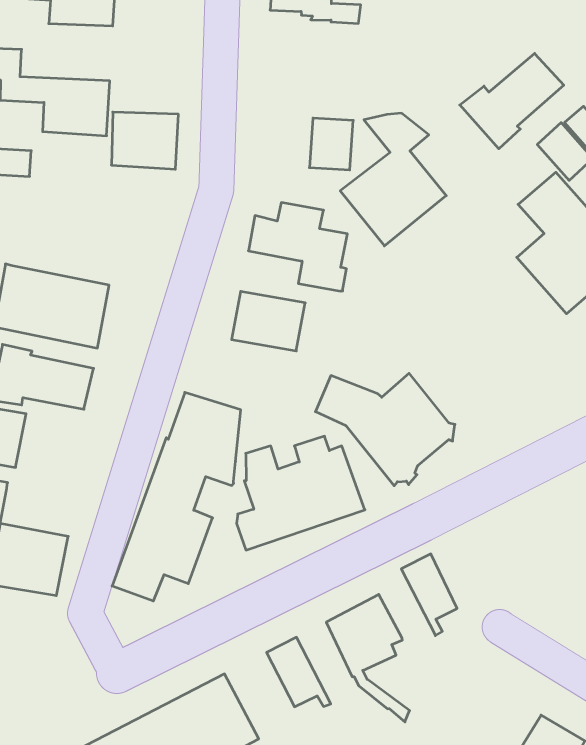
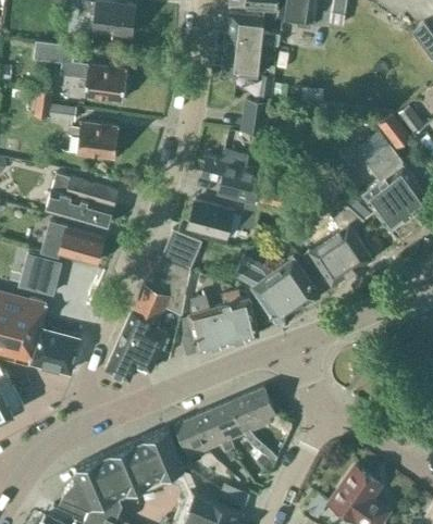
building: none -> [221,35,261,78]
building: [460,53,564,149] -> none
building: [111,112,178,169] -> [76,123,119,160]
building: [340,113,446,246] -> [308,208,371,286]
building: none -> [157,230,202,272]
building: [401,554,457,636] -> [212,402,244,451]
building: none -> [175,417,208,464]

